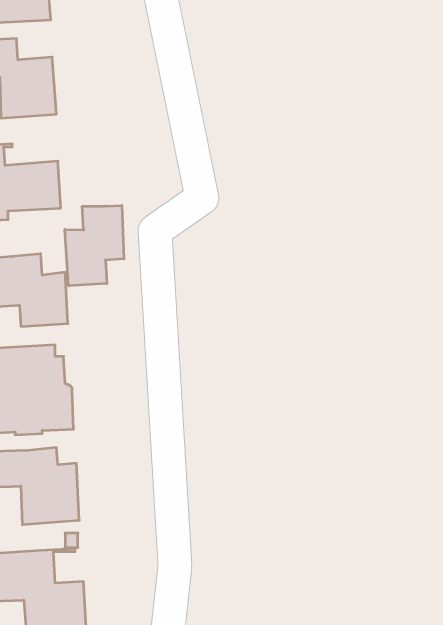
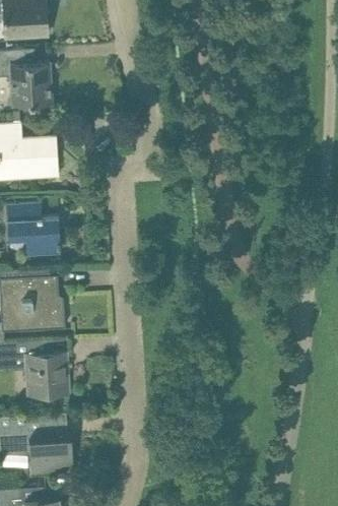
building: [65,205,124,286] -> none

